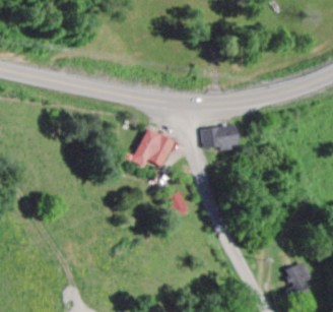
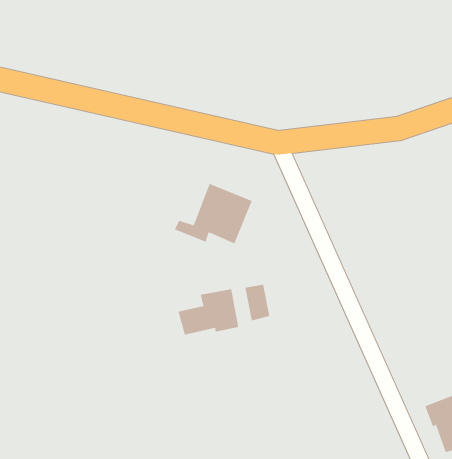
building: [201,125,235,148] -> none
building: none -> [178,289,239,336]

